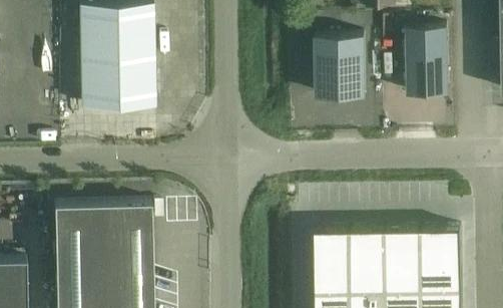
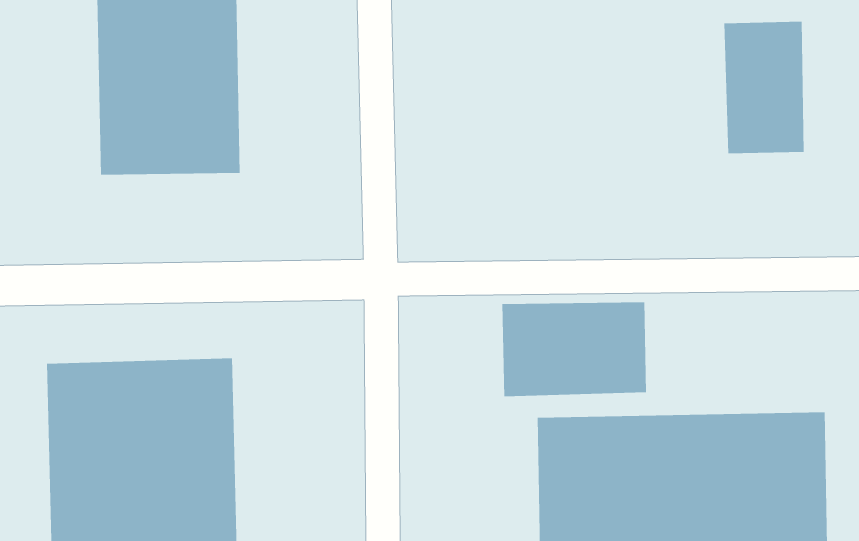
building: [316,37,365,98] -> none
building: none -> [502,302,647,397]

